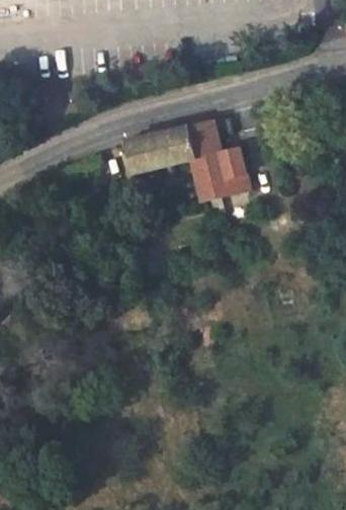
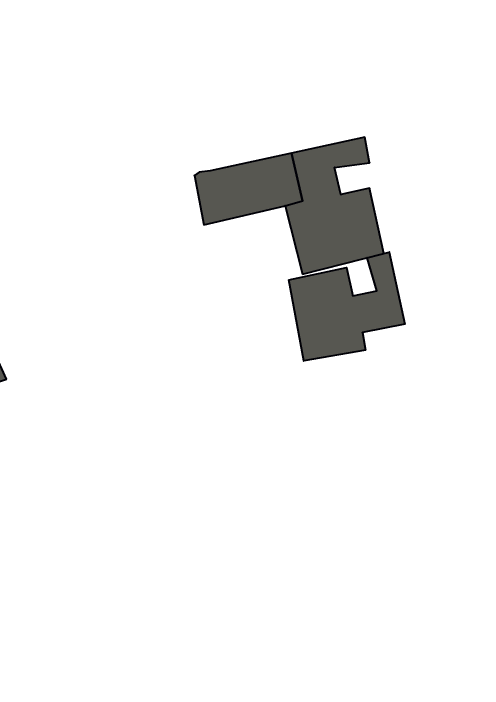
building: none -> [289,252,405,361]

